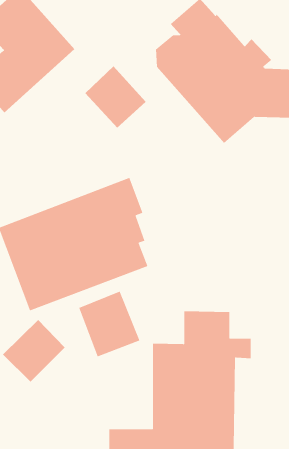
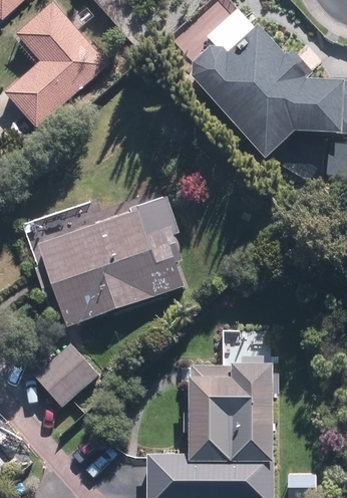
building: [84,66,146,128] -> none
building: [78,290,140,357] -> none

